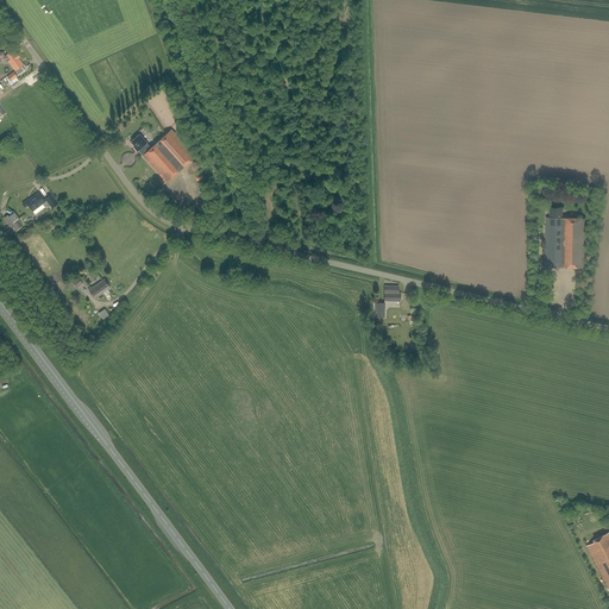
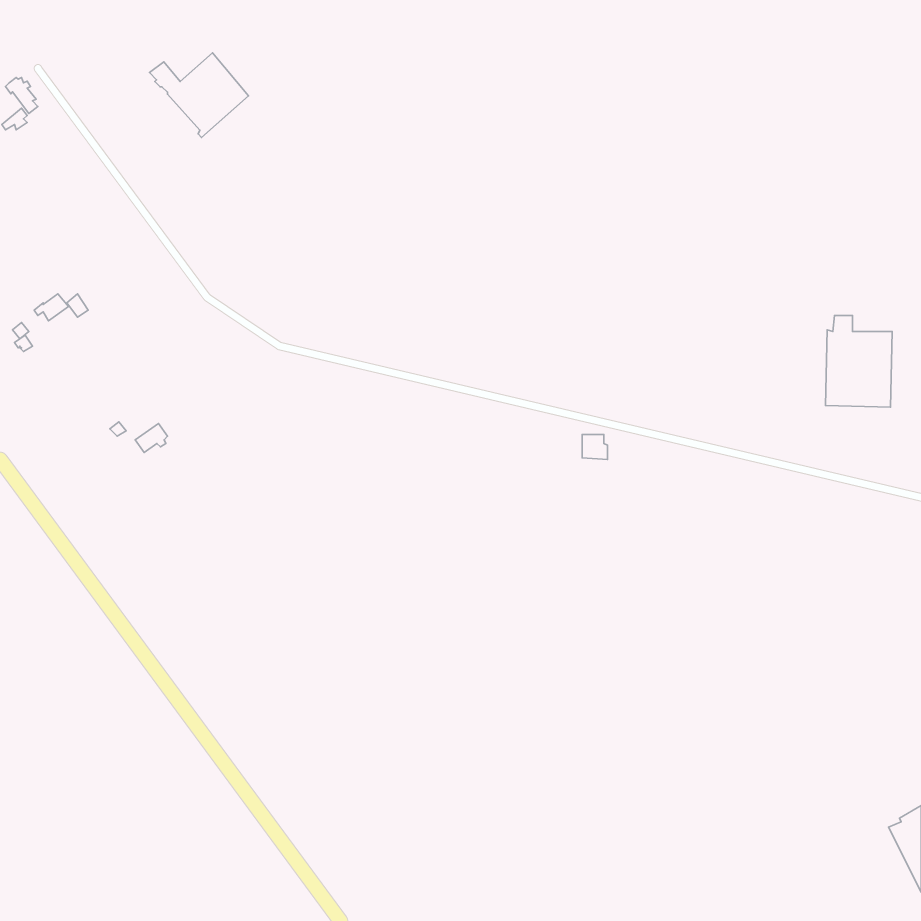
building: [130,128,195,184] -> [149,53,249,137]

